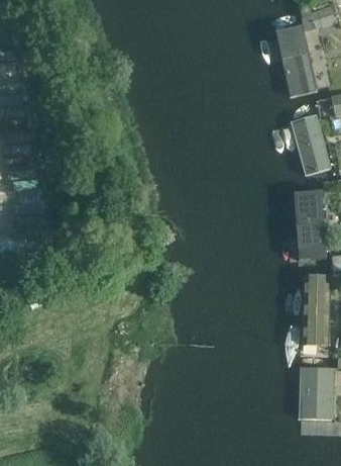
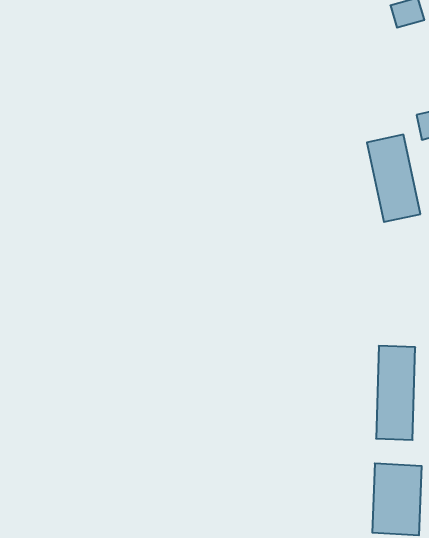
building: [278,21,316,96] -> none
building: [290,190,328,262] -> none

